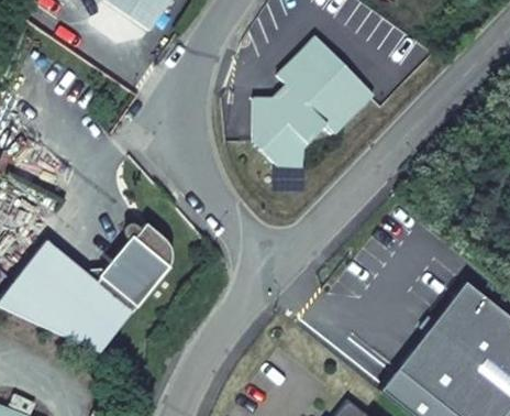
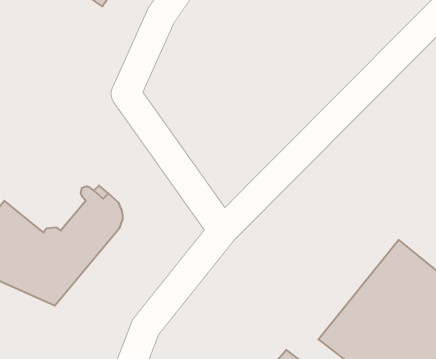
building: [253,36,374,167] -> none

